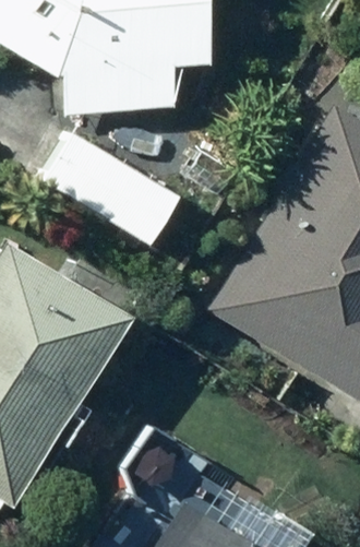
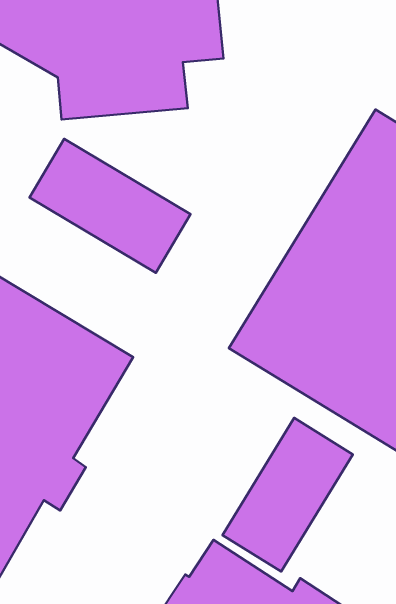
building: none -> [222,418,353,572]

